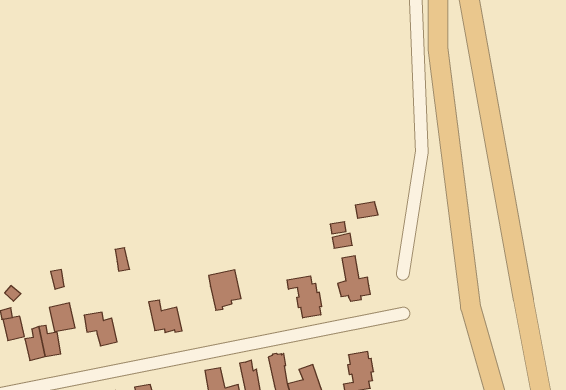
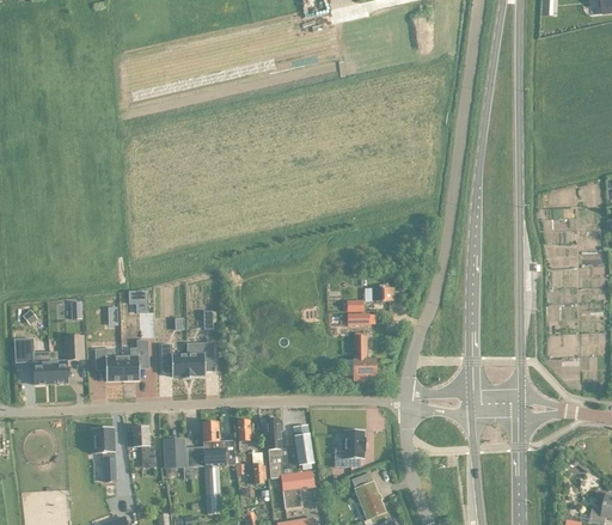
building: [209,270,241,310] -> [185,343,213,379]
building: [287,276,322,318] -> none
building: none -> [121,340,147,379]

